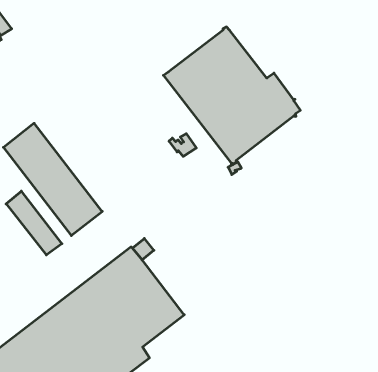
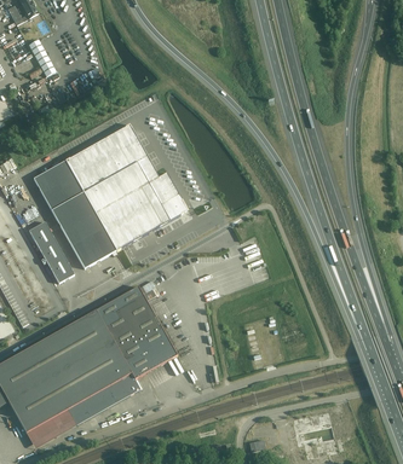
building: [163,27,300,165] -> [64,124,185,251]

